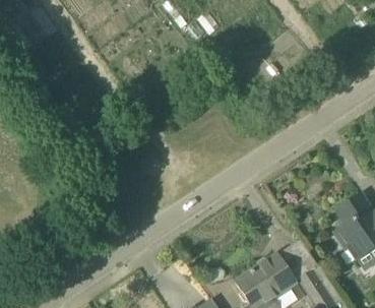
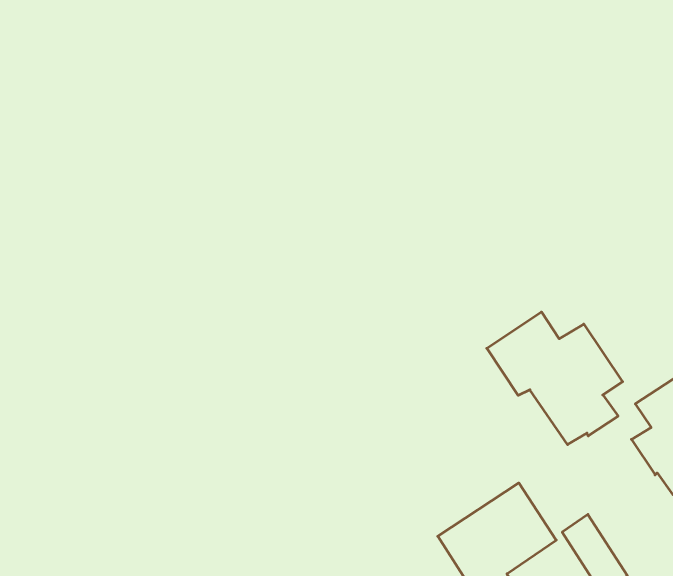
building: none -> [487,312,623,445]

